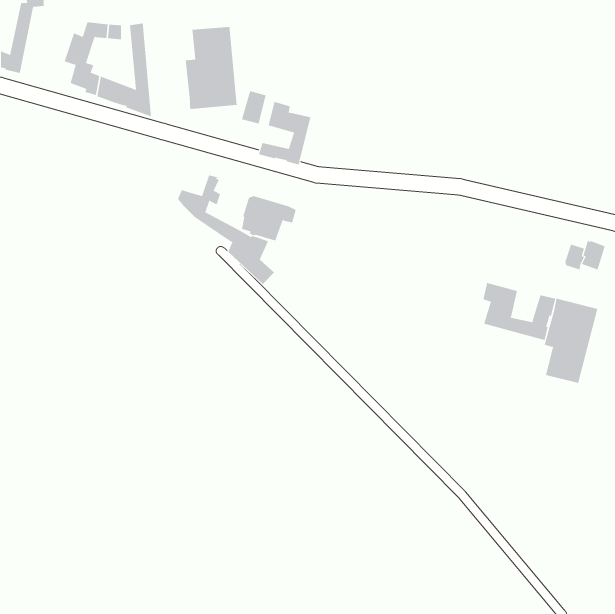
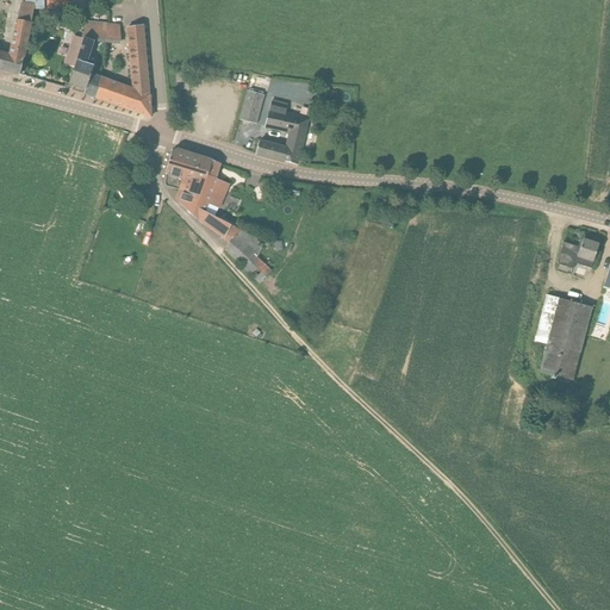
building: [185,26,237,110] -> none
building: [241,195,296,241] -> [166,148,220,193]
building: [483,282,556,341] -> none

